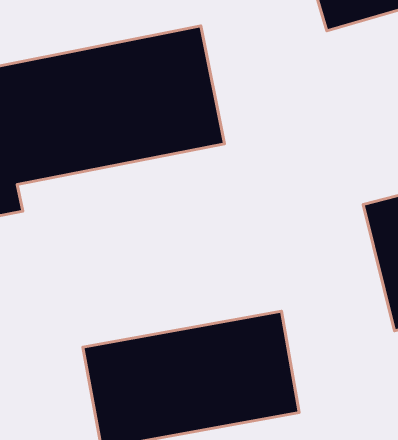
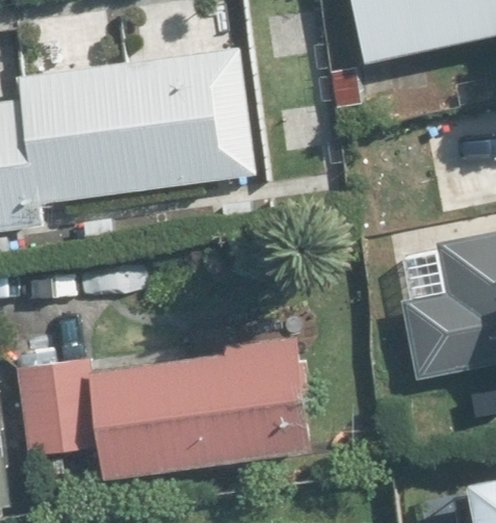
building: none -> [22,365,85,456]

